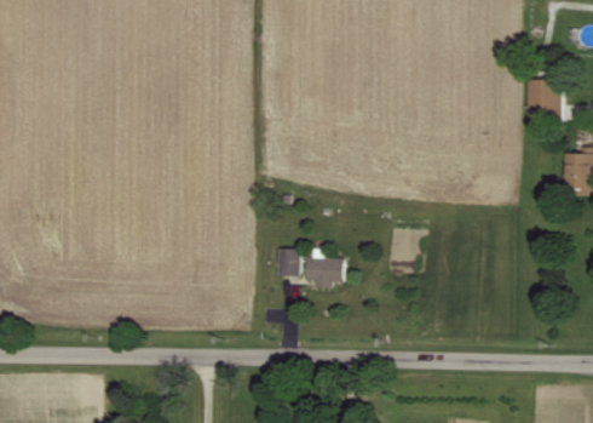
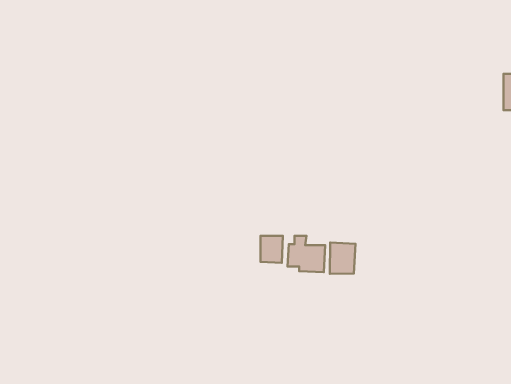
building: none -> [330,243,355,274]

